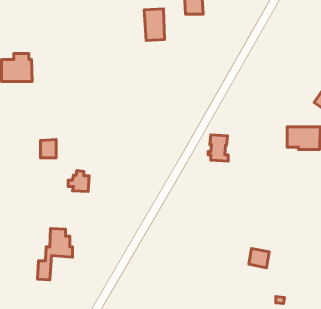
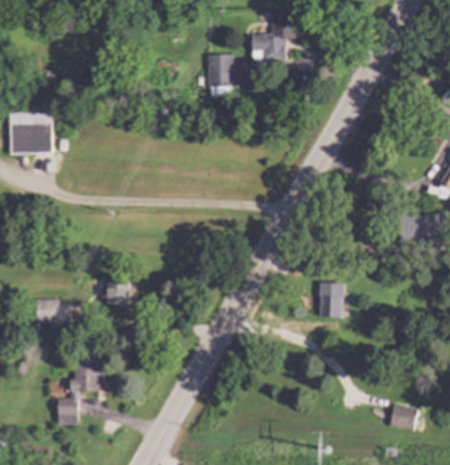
building: [208,135,228,161] -> [317,282,344,318]
building: [41,140,56,158] -> [37,297,59,322]
building: [249,248,269,268] -> [390,404,418,430]

